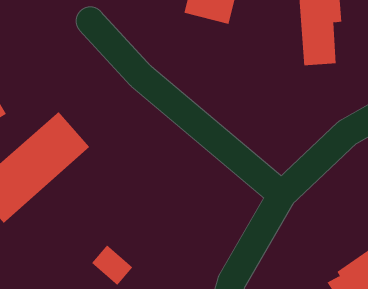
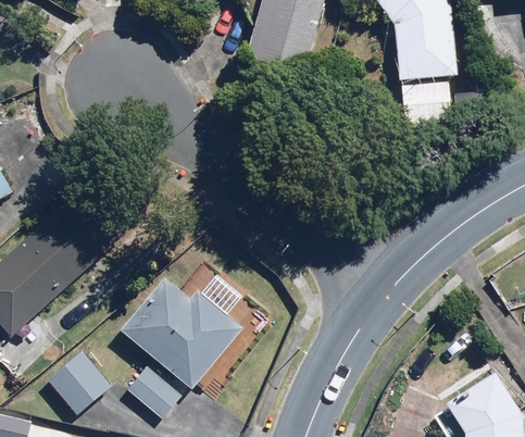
building: none -> [120,276,243,389]
building: none -> [40,341,111,414]

